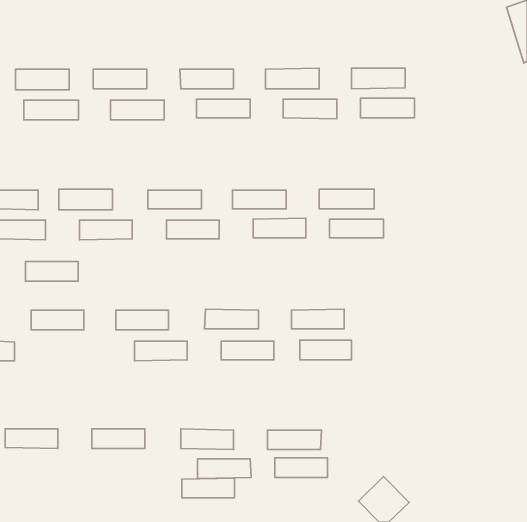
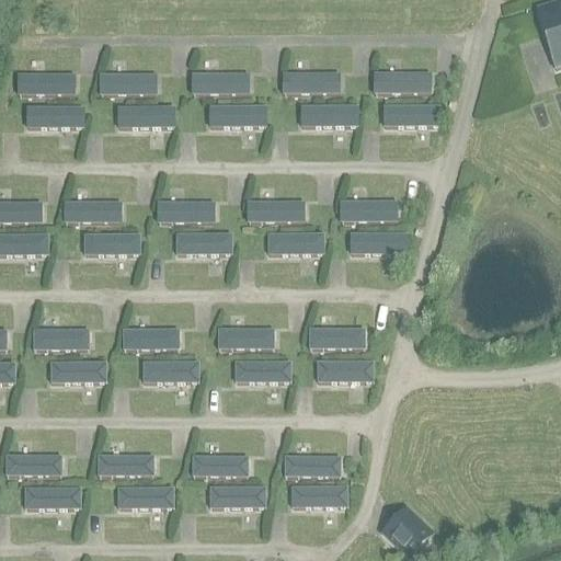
building: [25,262,78,281] -> [50,362,106,382]
building: none -> [25,488,80,507]
building: [182,478,235,498] -> [117,486,173,507]

